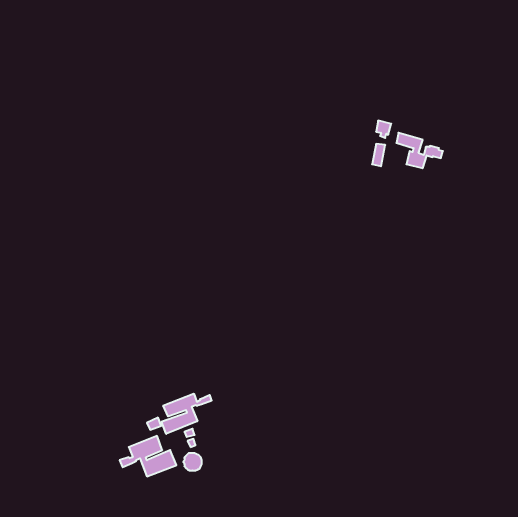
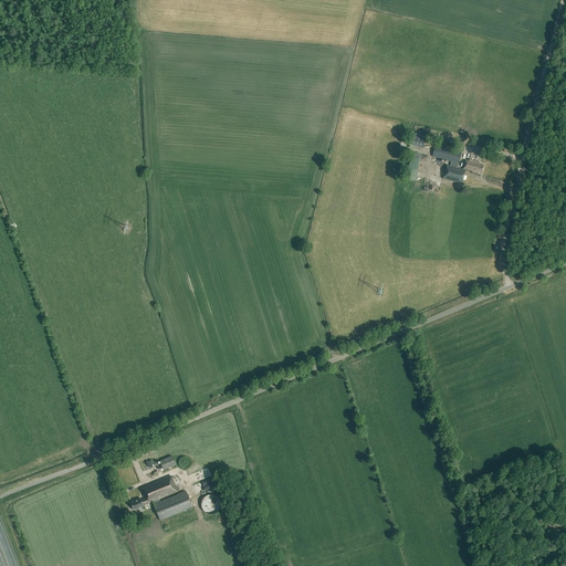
building: [162,394,212,434] -> none

